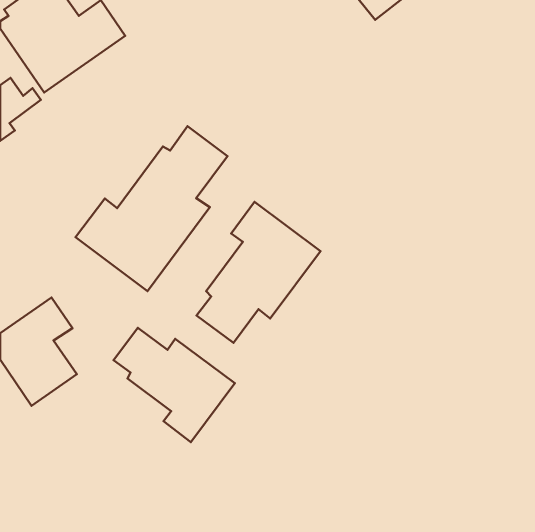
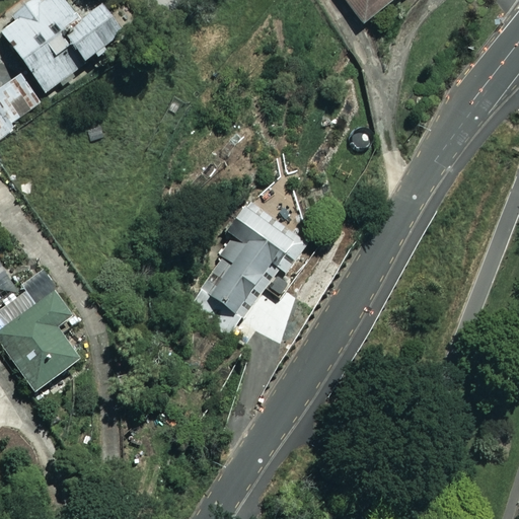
building: [75,126,227,291] -> none
building: [113,328,235,442] -> none

